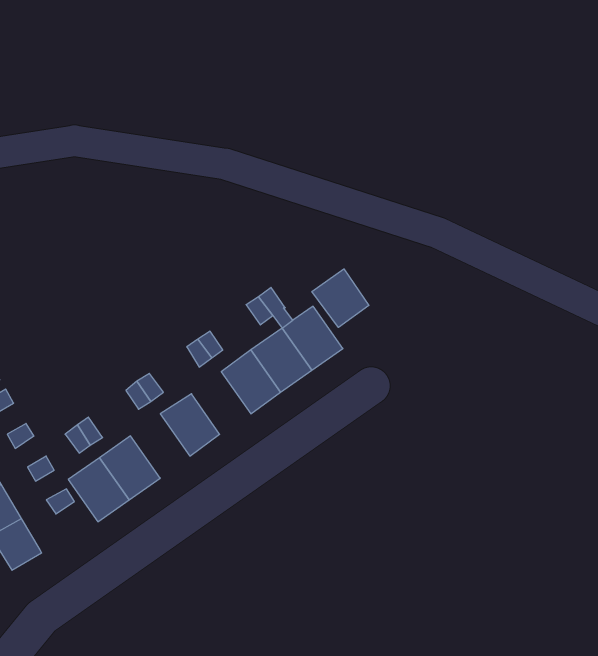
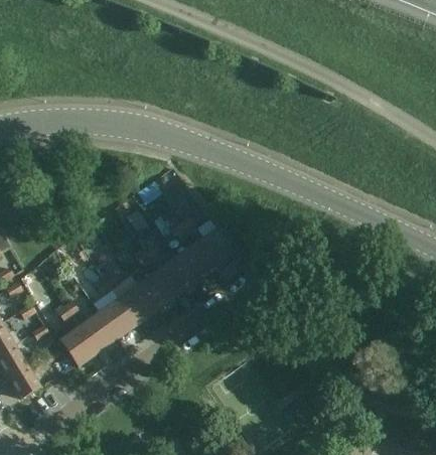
building: [312,269,369,327] -> none
building: none -> [137,270,175,310]
building: none -> [98,297,136,338]

